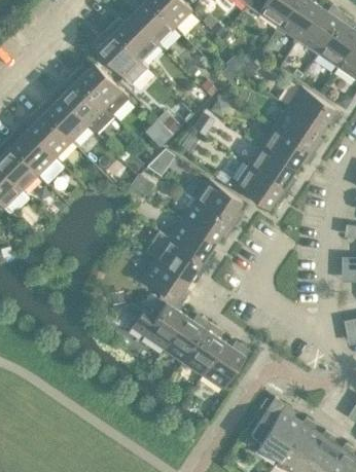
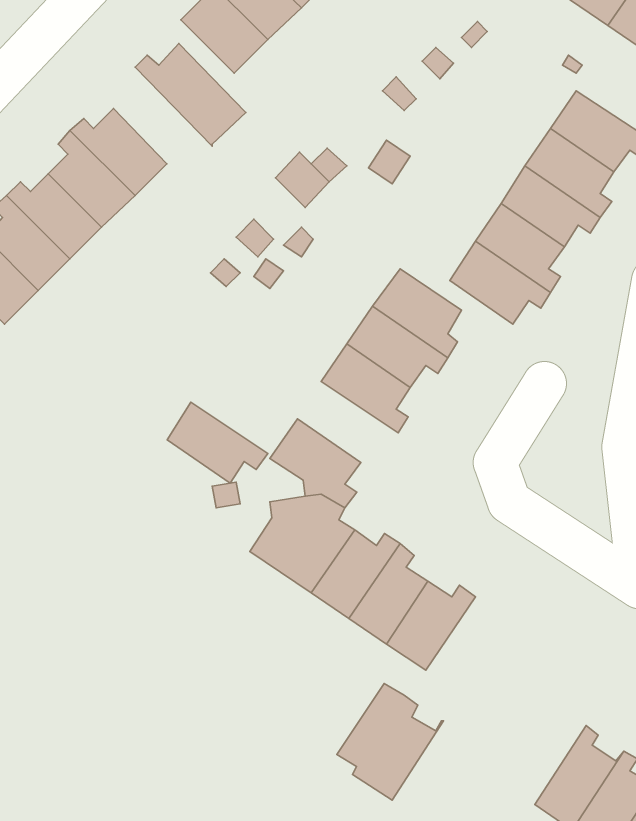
building: [60,75,113,134] -> none
building: [155,239,208,281] -> [167,402,268,483]
building: [250,398,306,459] -> [337,683,444,800]

